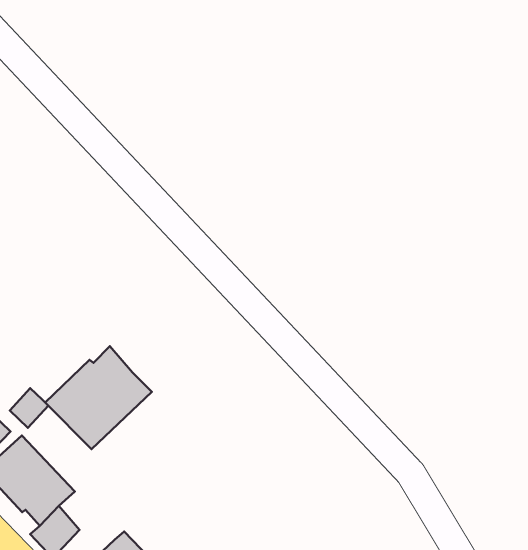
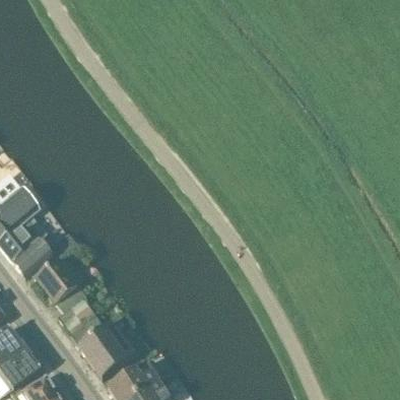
building: [45,346,152,449] -> none

